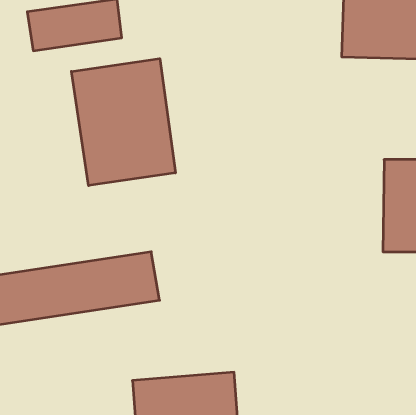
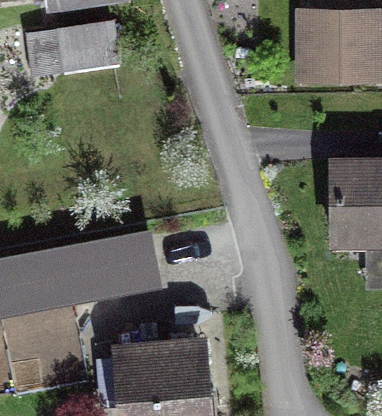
building: [71,59,175,186] -> none

